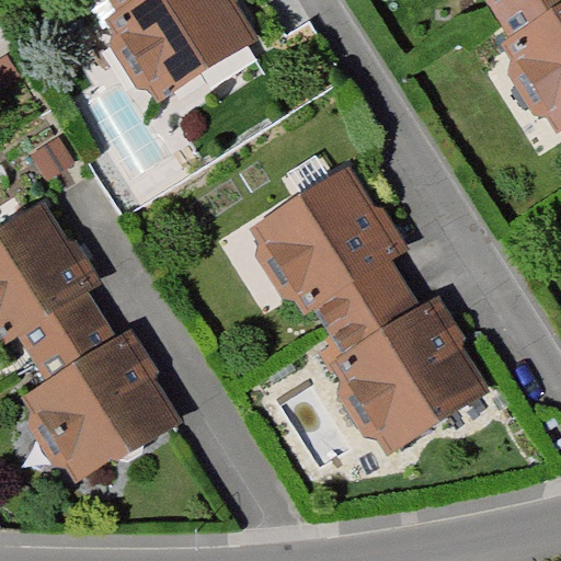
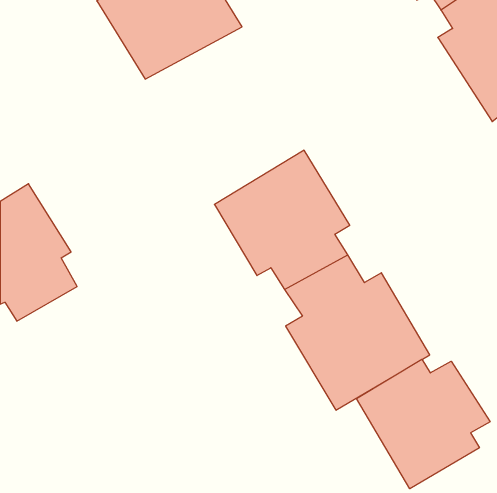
building: [16,318,174,484] -> none
building: none -> [357,359,490,489]

